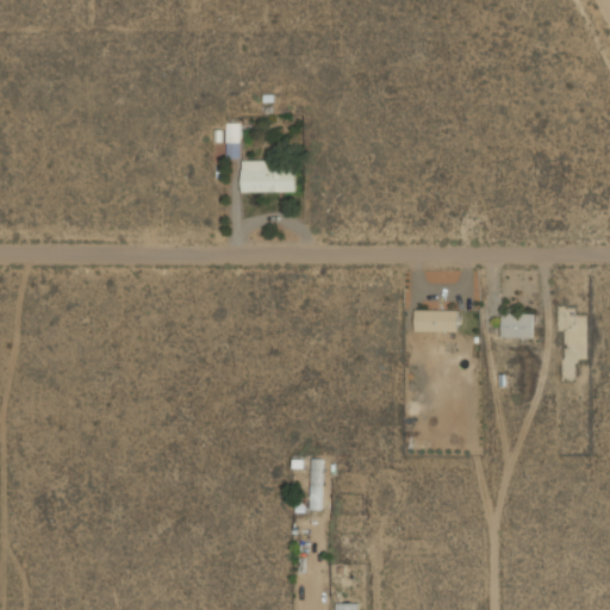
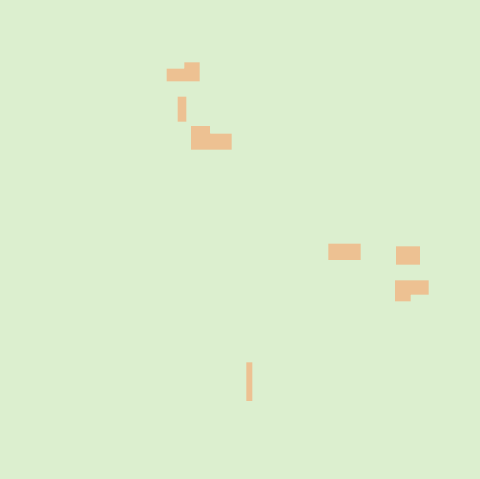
building: none -> [166,62,201,82]
building: none -> [394,279,429,302]

